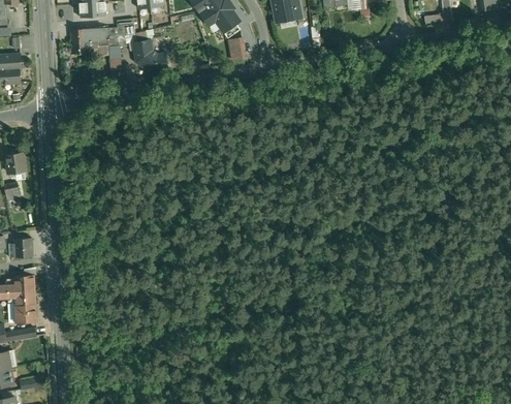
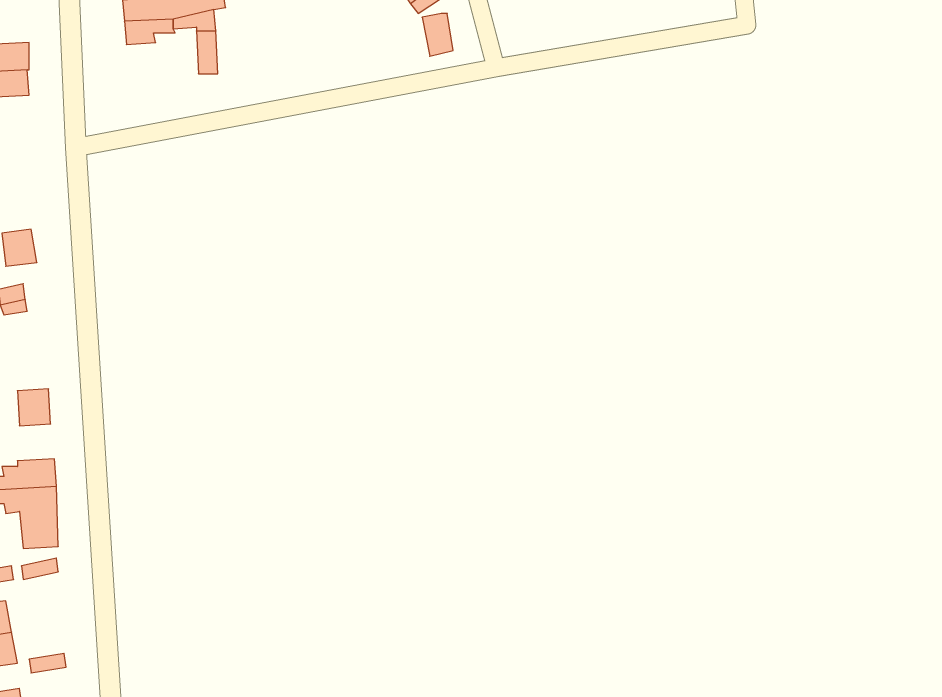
building: [133,40,166,72] -> none

